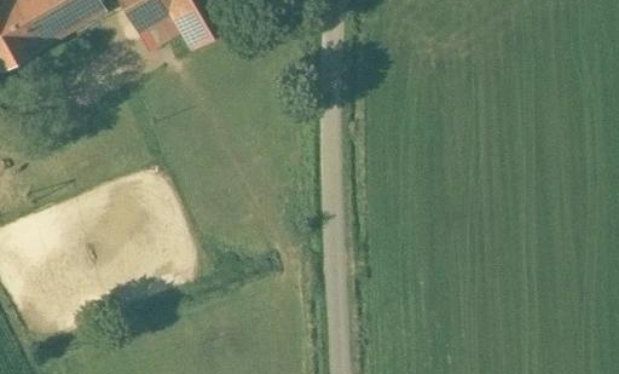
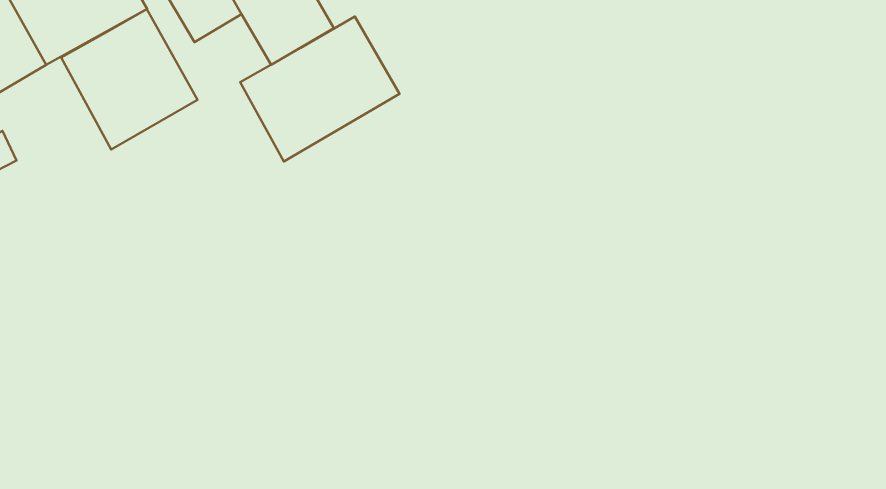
building: none -> [61,9,198,149]
building: none -> [240,16,399,161]

